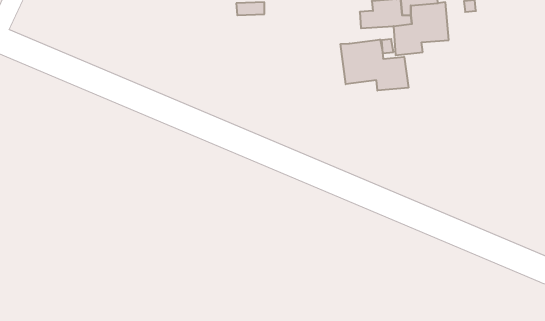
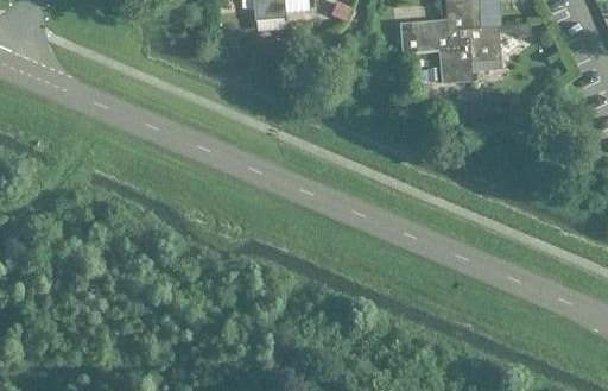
building: [341,39,408,91] -> none

